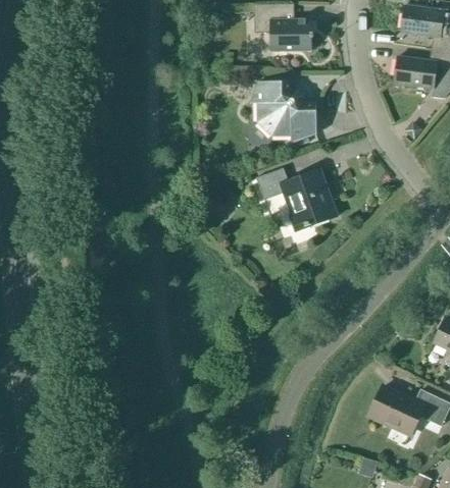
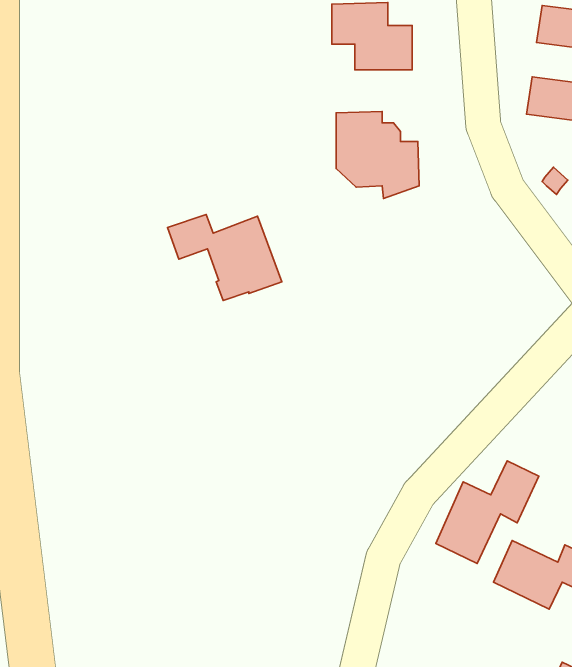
building: [255,168,337,229] -> [167,215,282,301]
building: none -> [436,461,539,564]

